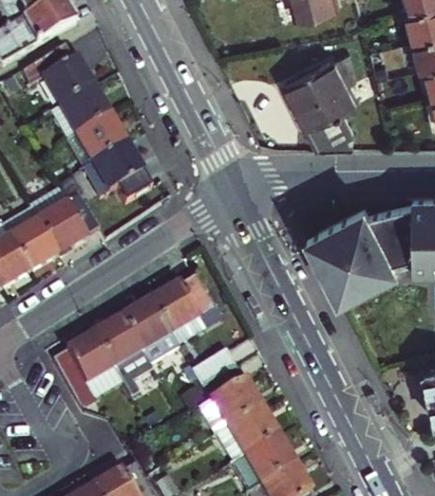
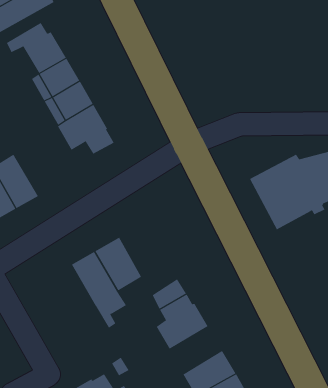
building: [285,54,359,144] -> none
building: [24,187,94,255] -> none
building: [151,285,211,352] -> none
building: [53,337,122,413] -> none
building: [211,411,275,469] -> none

